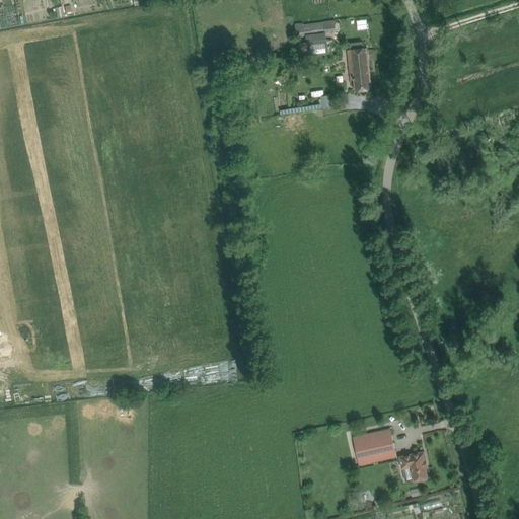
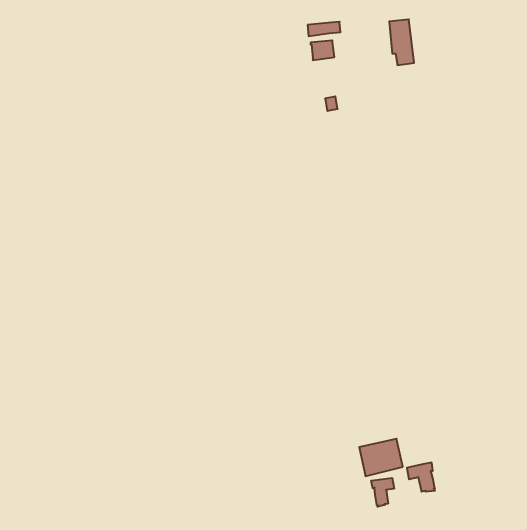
building: [346,48,370,92] -> [389,19,414,65]
building: none -> [371,478,394,507]

